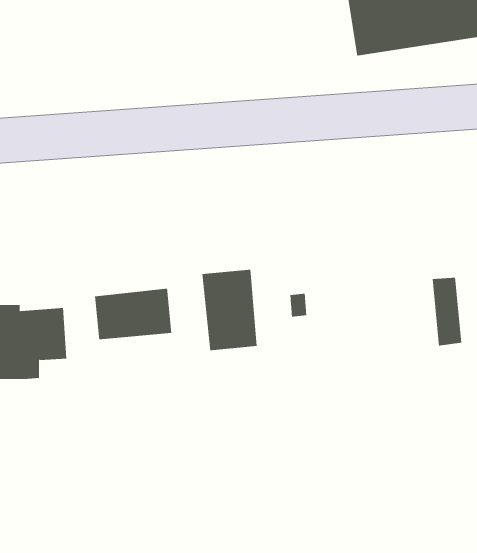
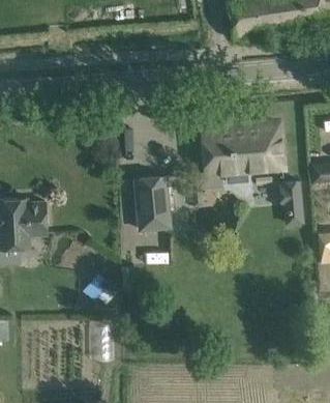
building: none -> [203,125,282,183]
building: [95,288,172,340] -> none

